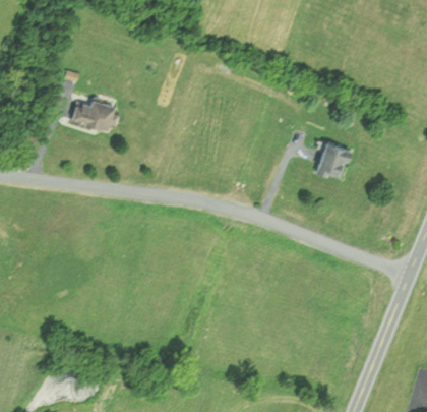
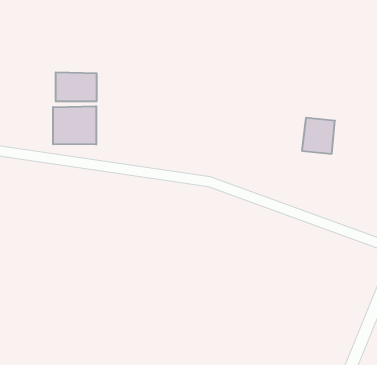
building: none -> [53,106,96,145]

